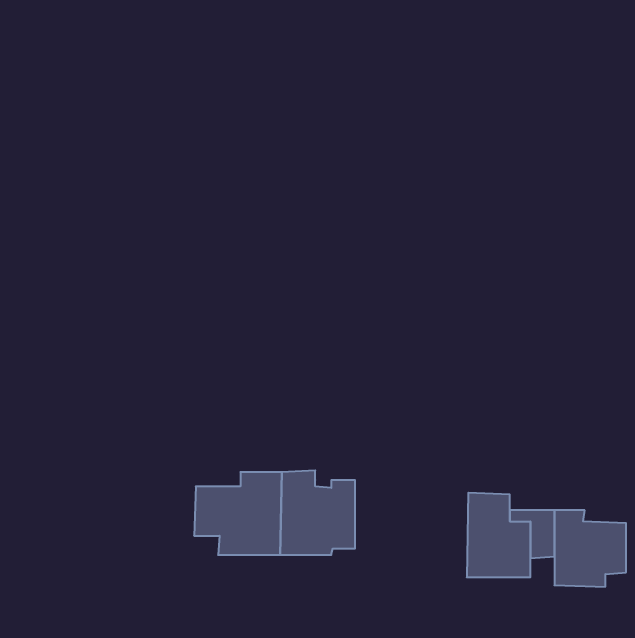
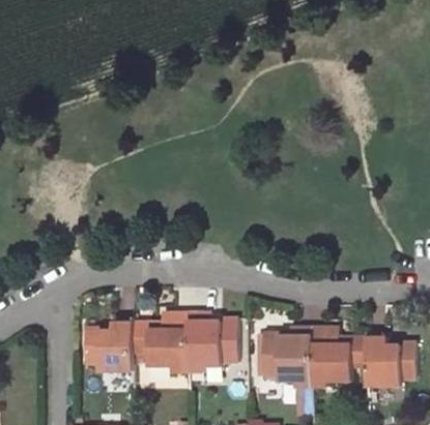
building: none -> [85,323,133,372]
building: none -> [261,327,310,382]

